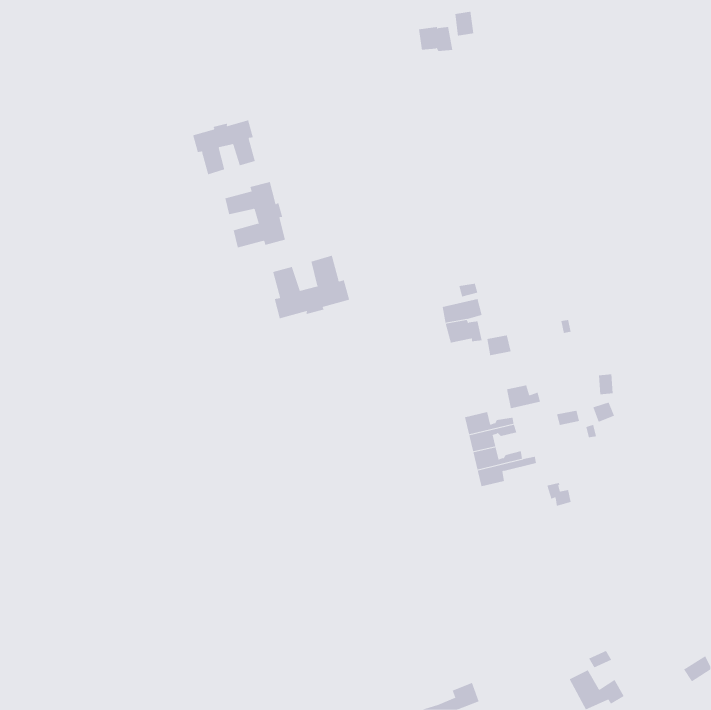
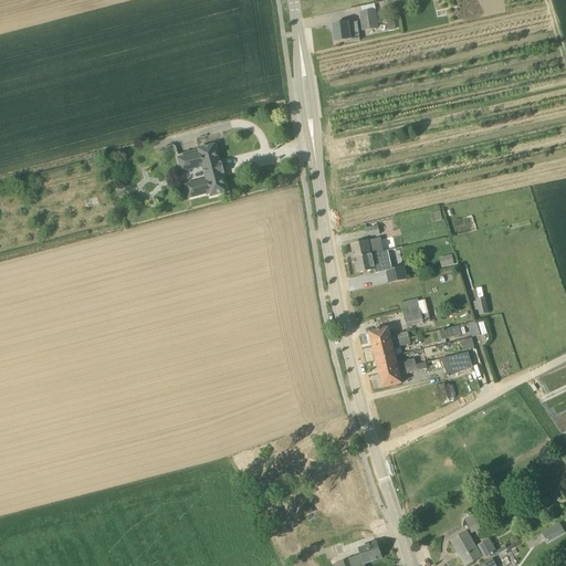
building: [193,120,256,175] -> none
building: [272,255,350,319] -> none
building: none -> [440,350,472,376]

